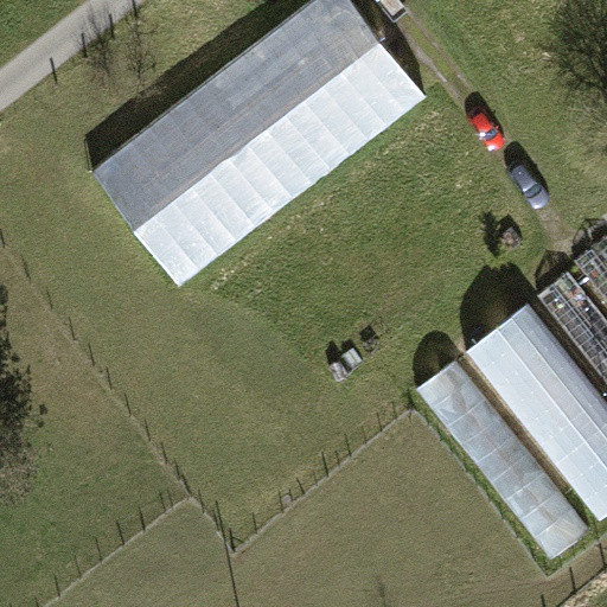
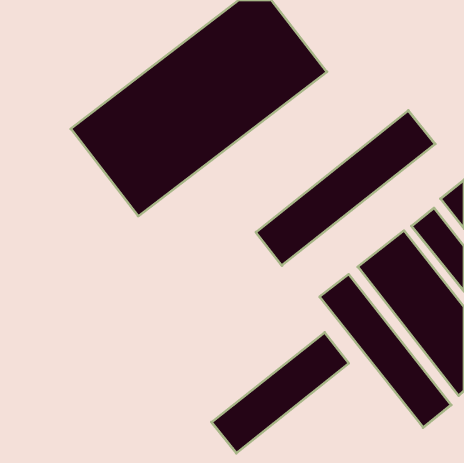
building: none -> [256,110,435,266]
building: none -> [211,332,349,453]

